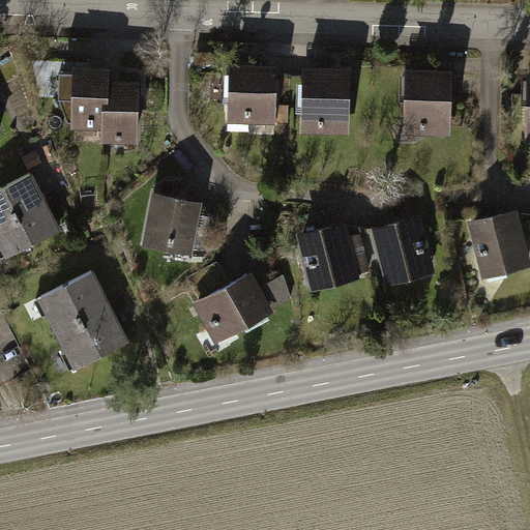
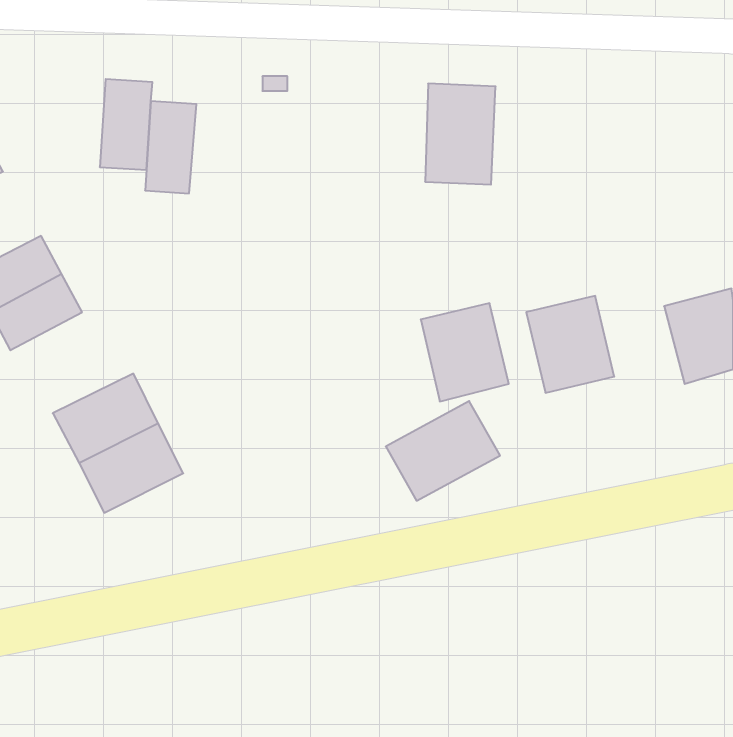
building: [228,65,273,127] -> none
building: [402,69,450,138] -> none
building: [140,195,200,256] -> none
building: [190,273,271,344] -> [386,401,500,501]

